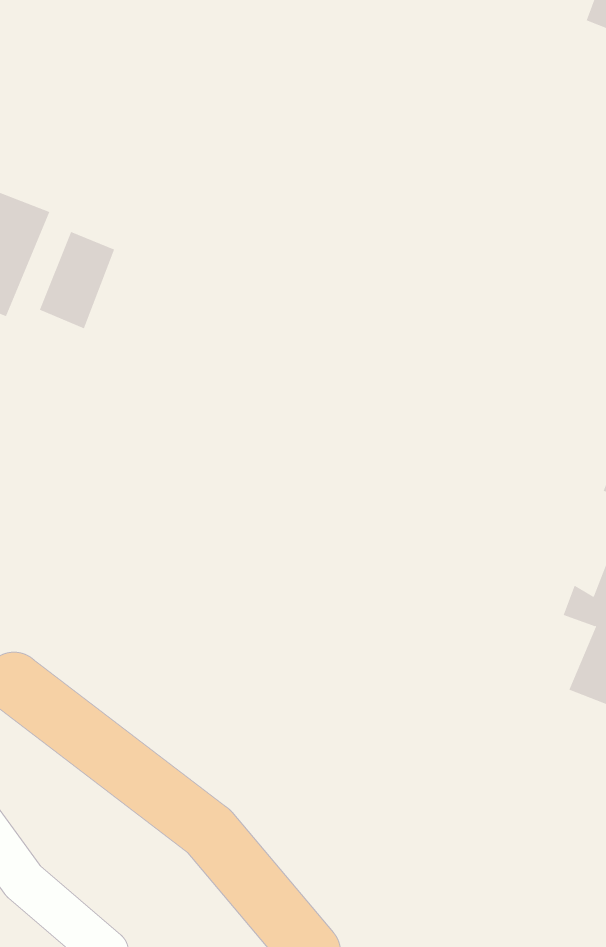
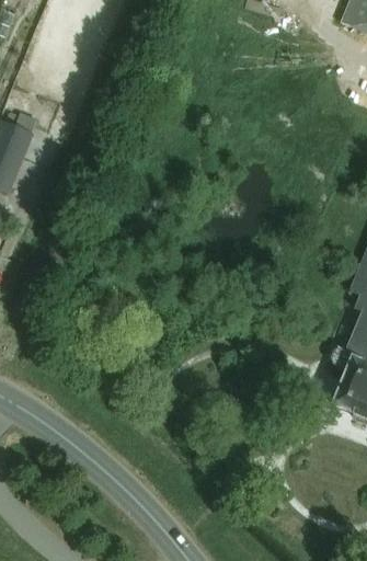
building: [39,231,115,329] -> none

